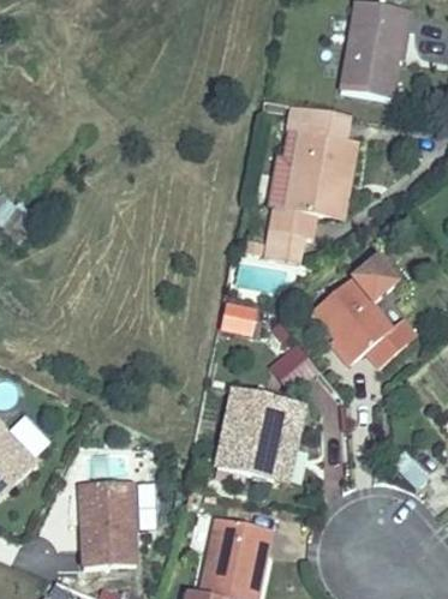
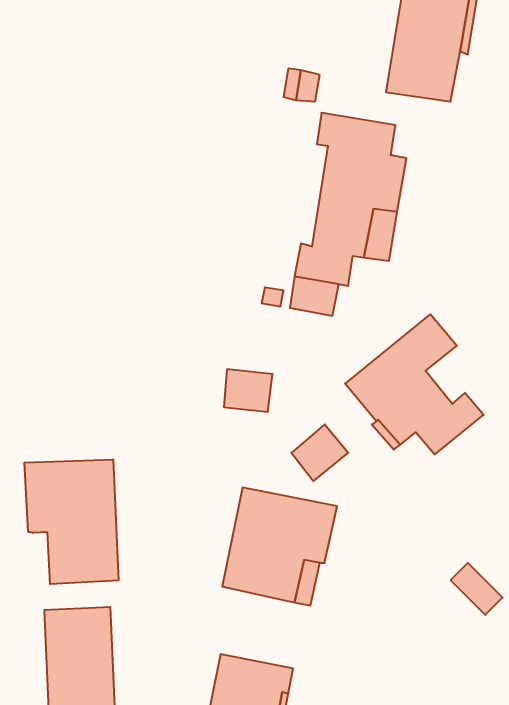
building: none -> [24,459,118,584]

